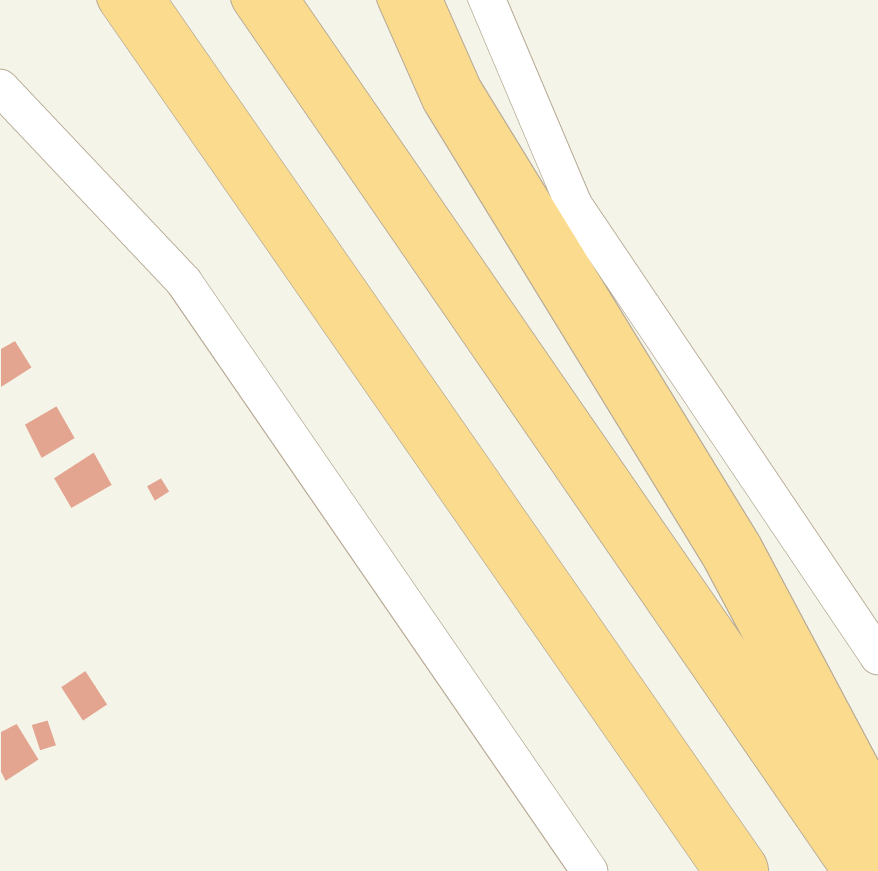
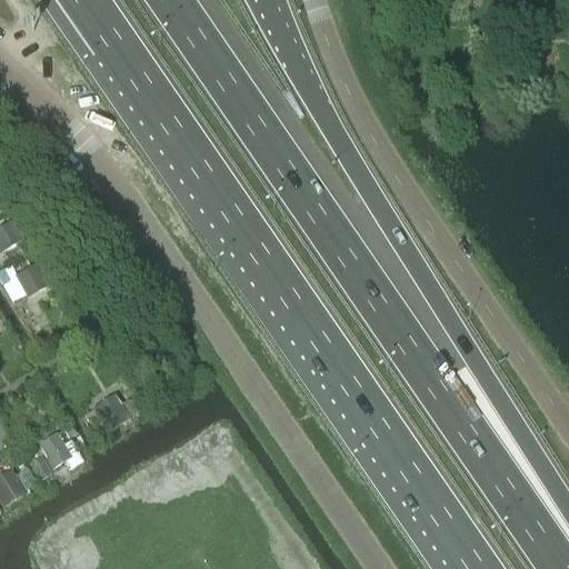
building: [53,452,112,509] -> none
building: none -> [93,392,128,426]

